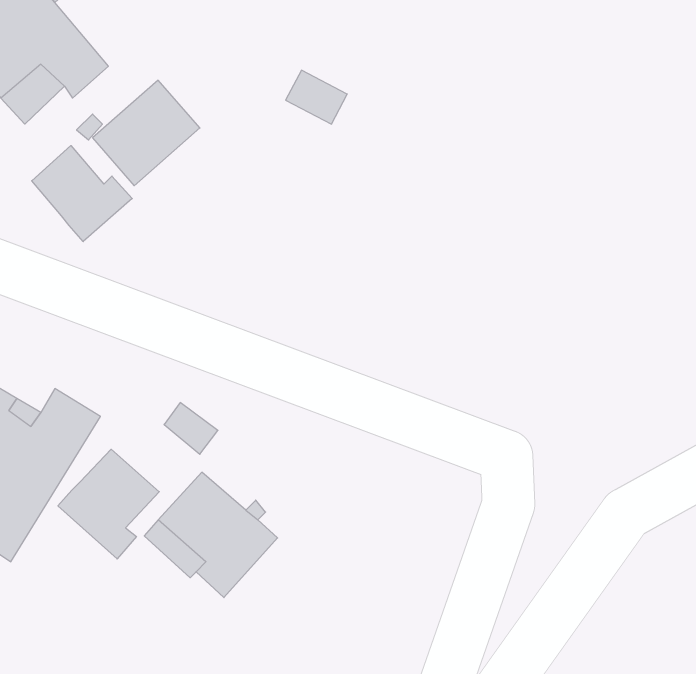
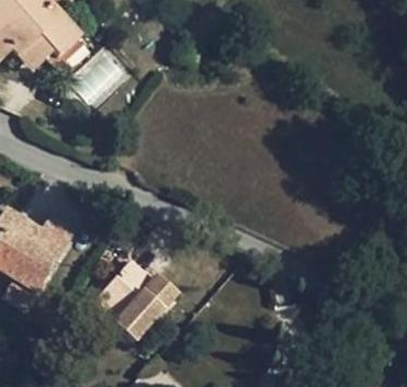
building: [32,146,132,242] -> none
building: [58,449,159,559] -> none

